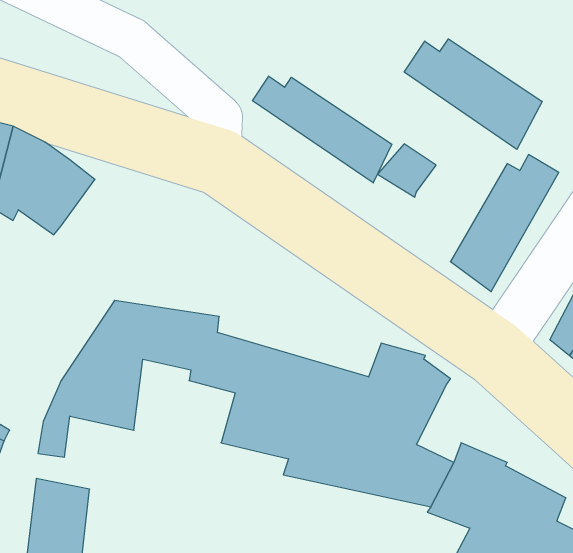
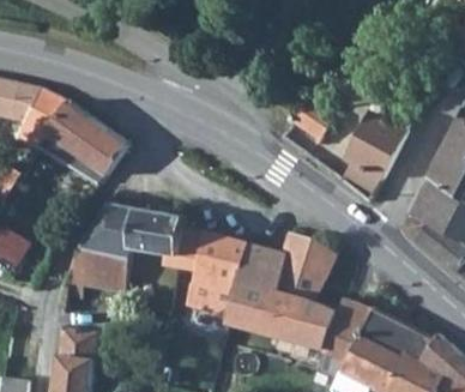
building: [404,39,542,149] -> none
building: [252,76,392,183] -> none
building: none -> [76,122,128,177]

